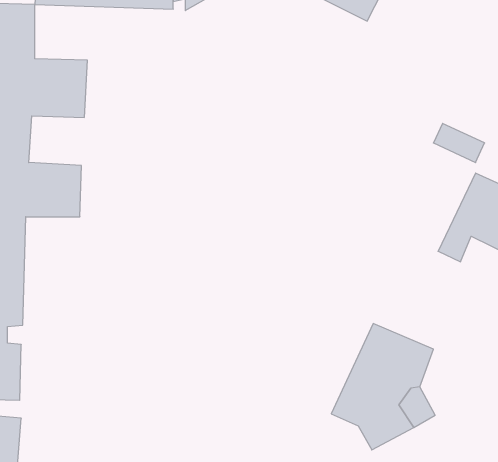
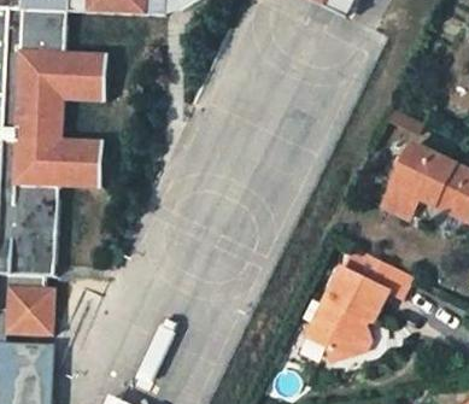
building: none -> [336,245,401,293]

